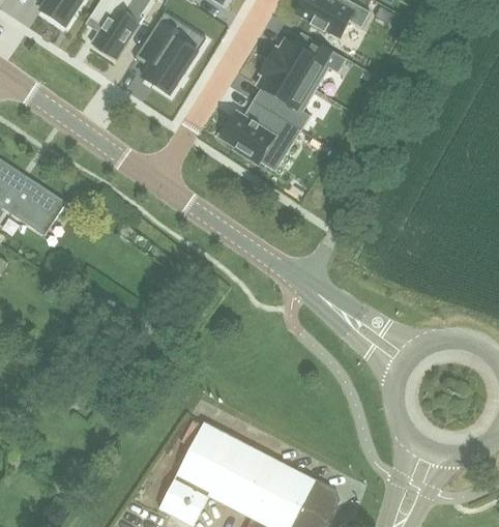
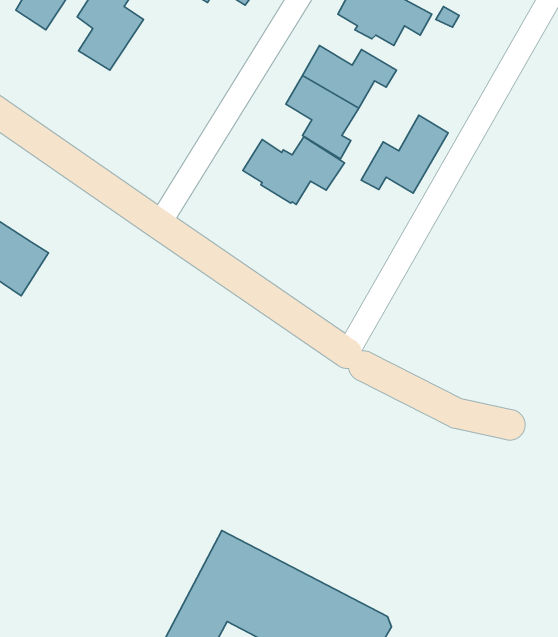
building: [138,11,198,94] -> none
building: none -> [361,115,448,193]

